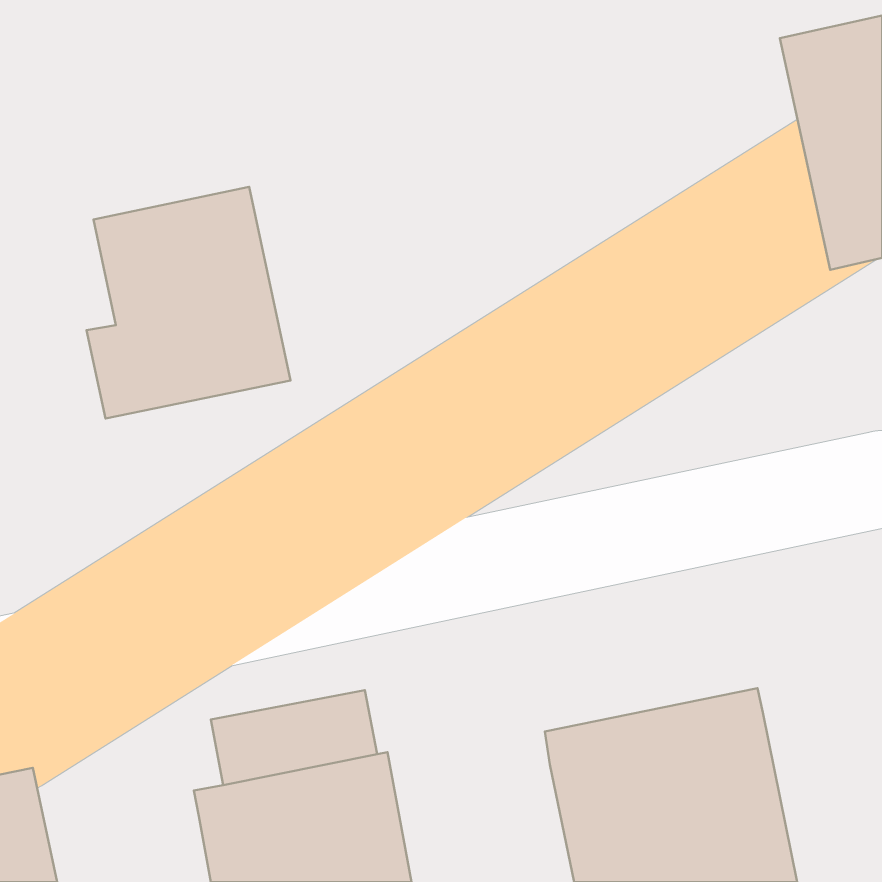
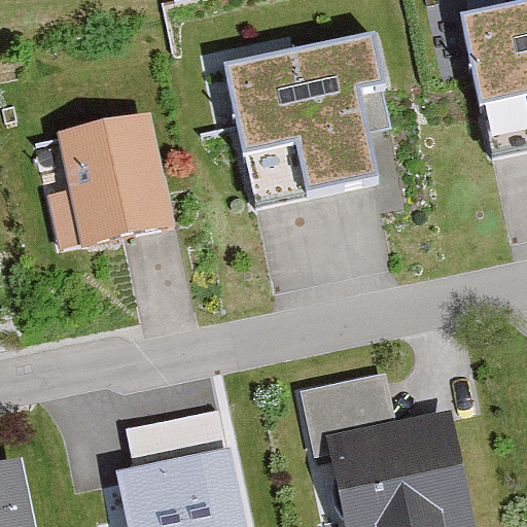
building: none -> [229,40,387,209]
building: none -> [297,374,395,458]

